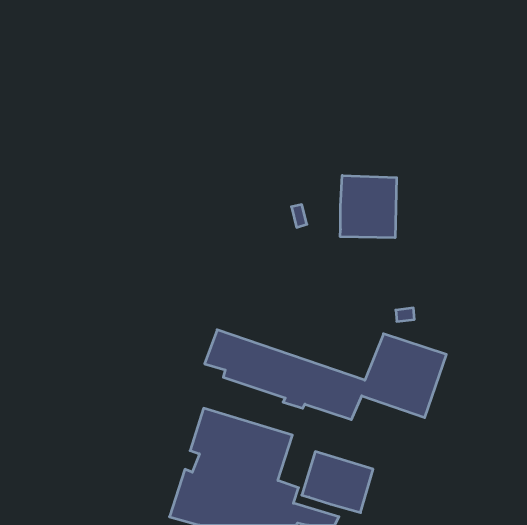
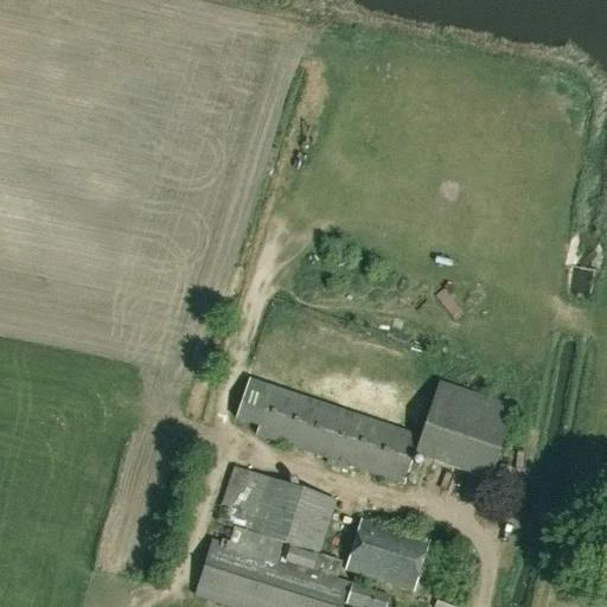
building: [340,175,397,238] -> none

